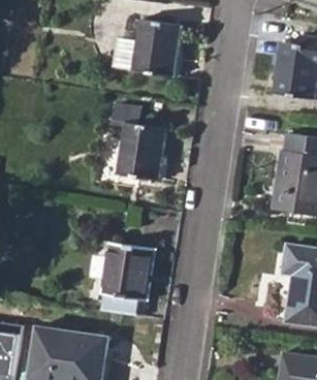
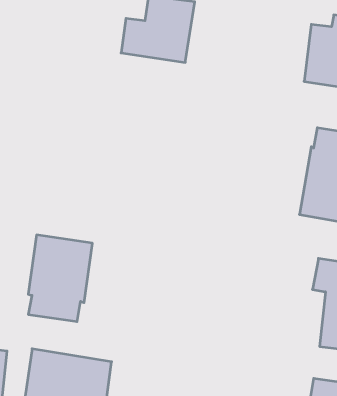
building: [112,101,167,180] -> none
building: [100,241,156,316] -> [28,235,92,322]

